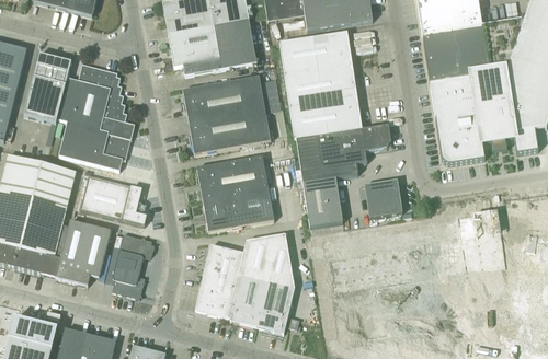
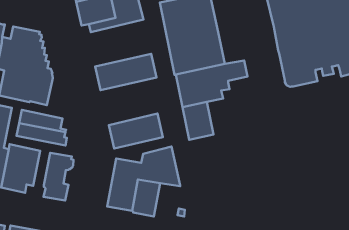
building: [182,76,264,121] -> none
building: [196,155,269,200] -> none
building: [364,178,401,217] -> none
building: [256,281,294,332] -> none

